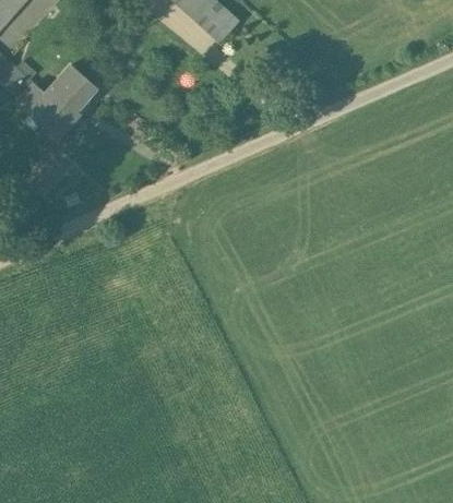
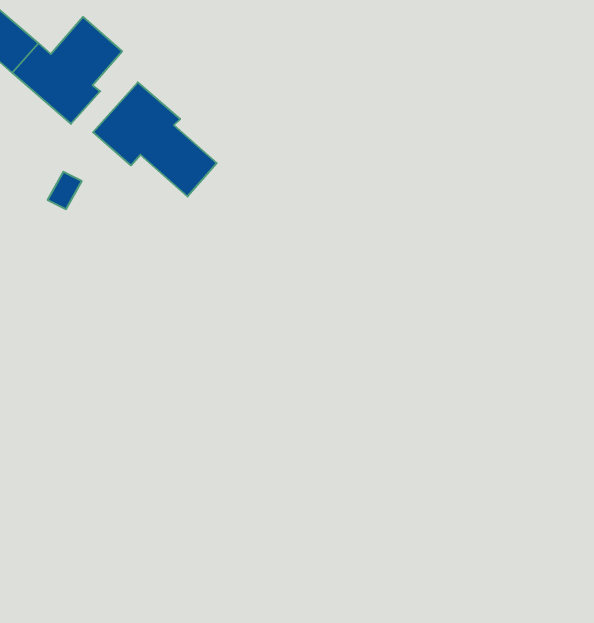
building: none -> [93,82,217,197]

